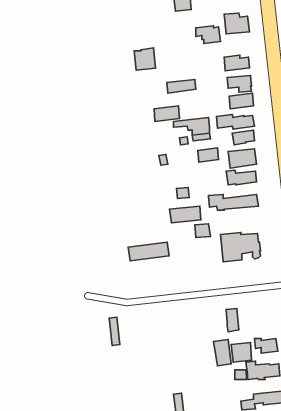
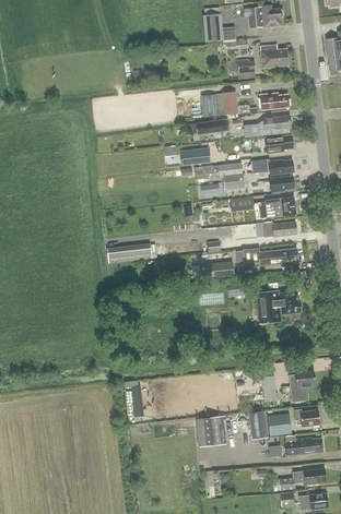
building: [134,48,156,70] -> [214,91,238,116]
building: [128,242,169,261] -> [106,242,152,263]
building: none -> [289,371,316,401]
building: none -> [195,417,225,447]

